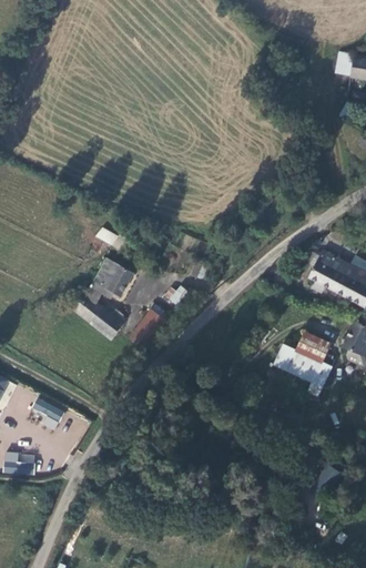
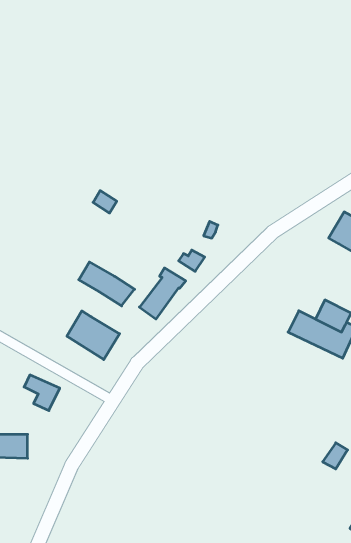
building: [96,258,136,298] -> none
building: none -> [67,311,120,360]

